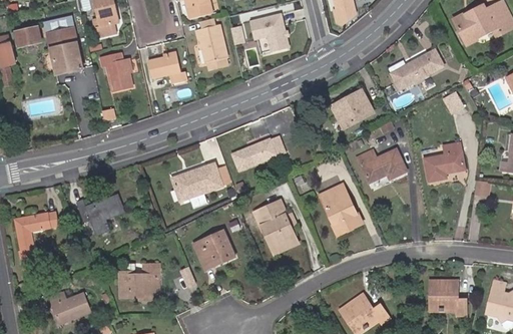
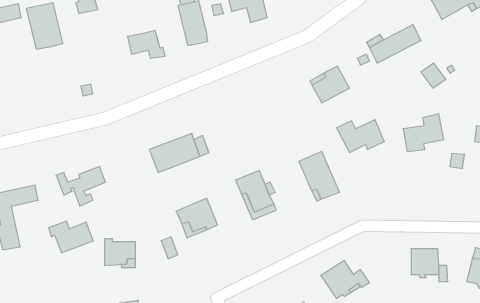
building: [99,55,129,92] -> none
building: [229,137,283,171] -> none
building: [48,290,93,322] -> [49,221,93,253]

